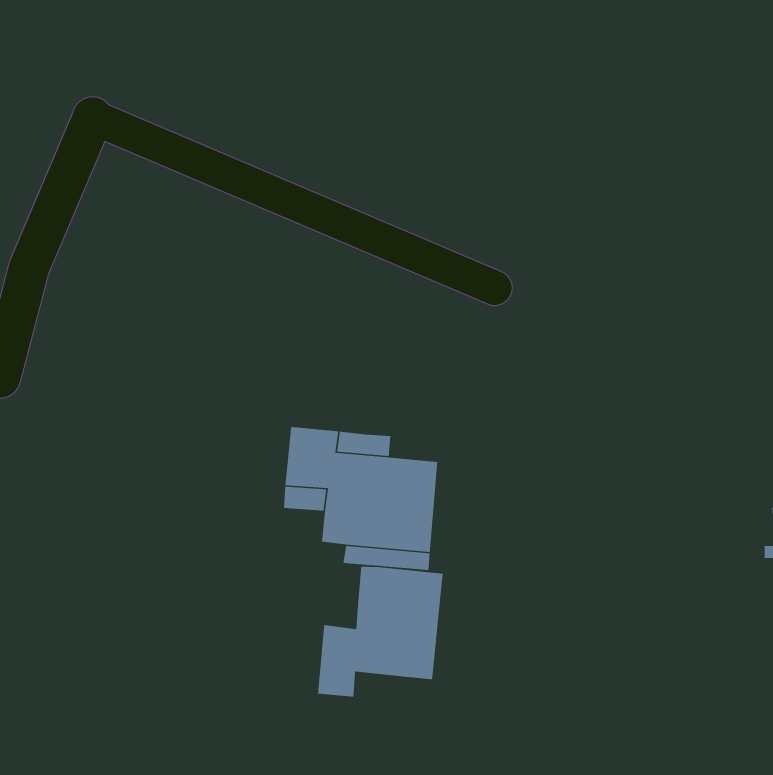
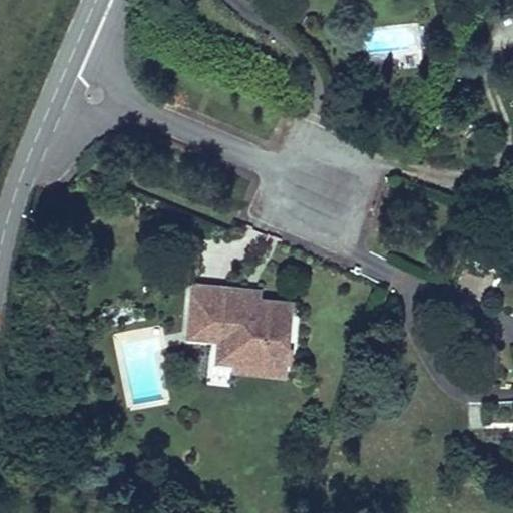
building: [317,566,444,697] -> none

